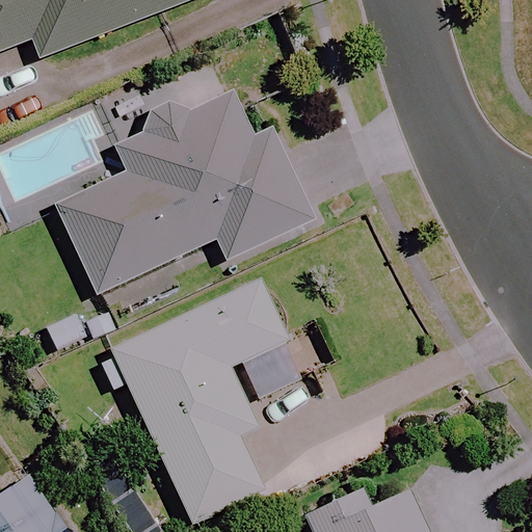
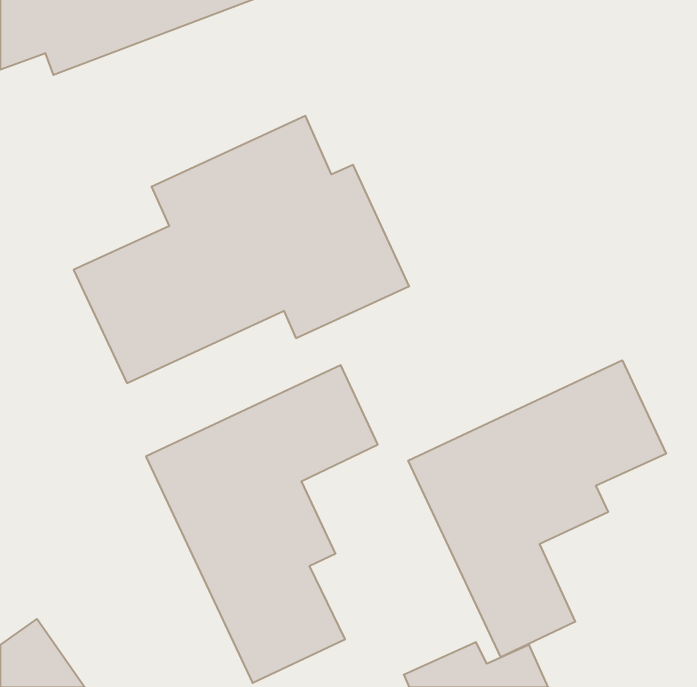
building: none -> [408,360,666,657]

